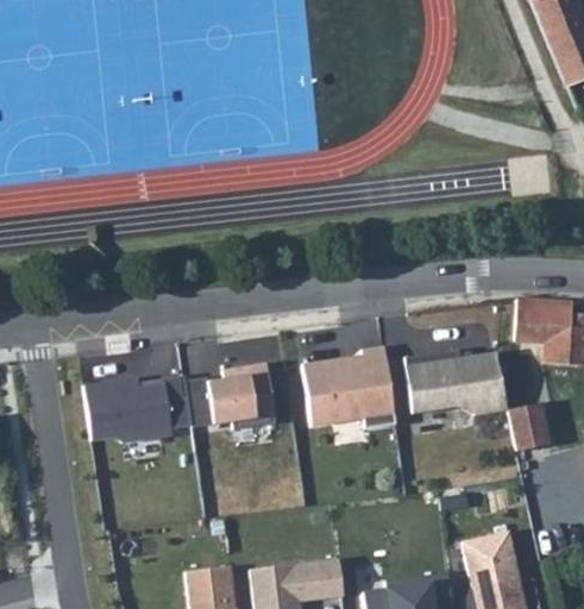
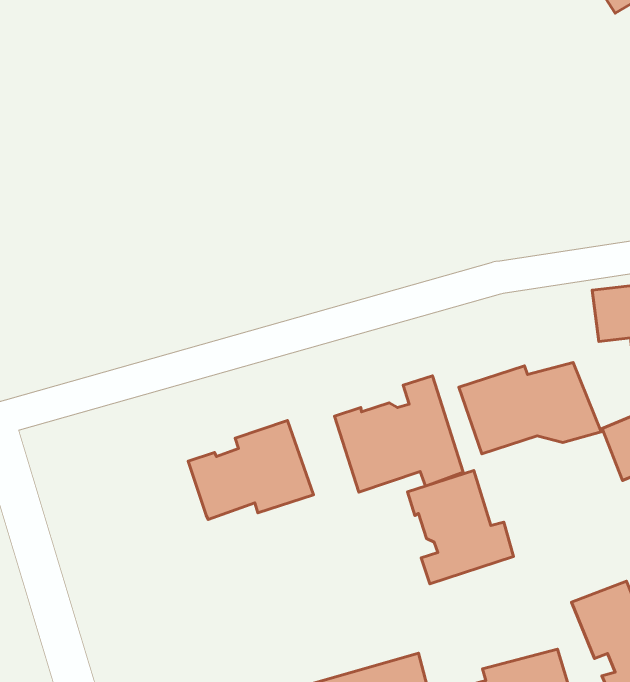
building: [81,377,190,444] -> none
building: none -> [408,470,513,584]

